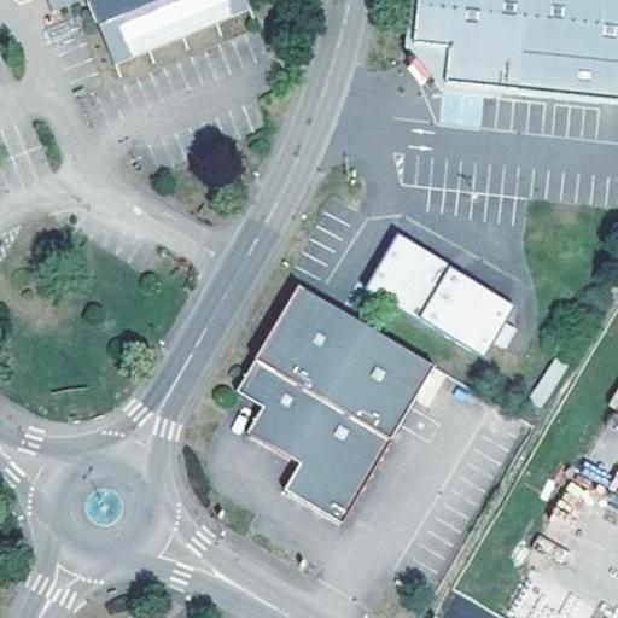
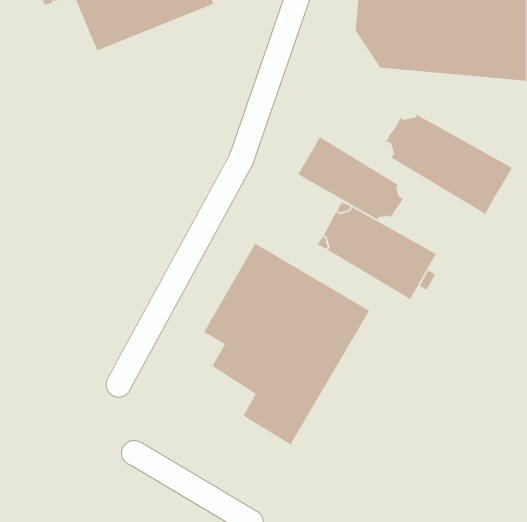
building: none -> [385,113,513,215]
building: none -> [297,136,404,221]

